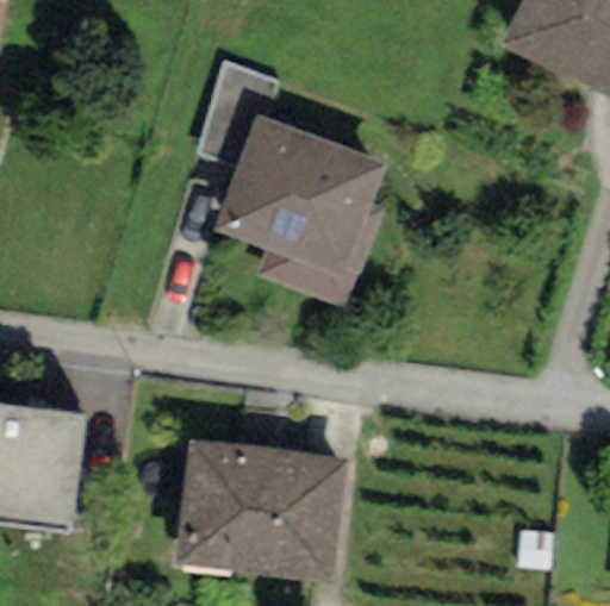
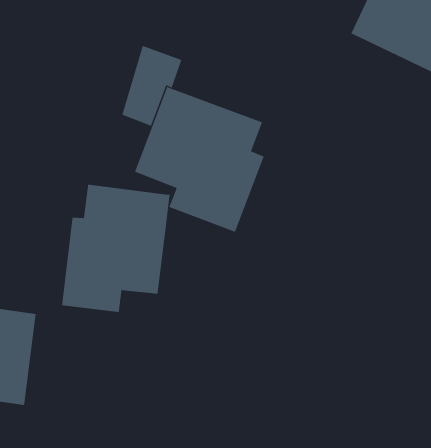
building: none -> [62,184,170,313]
building: [174,438,346,581] -> none

